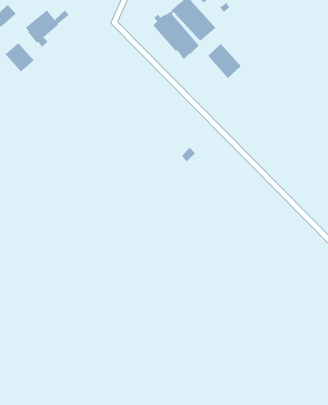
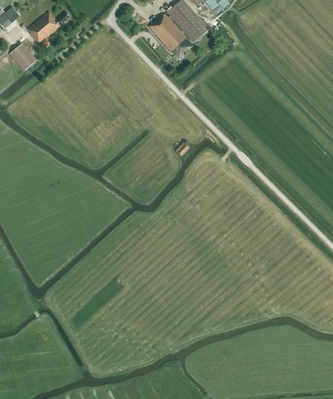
building: [207,43,241,79] -> none

